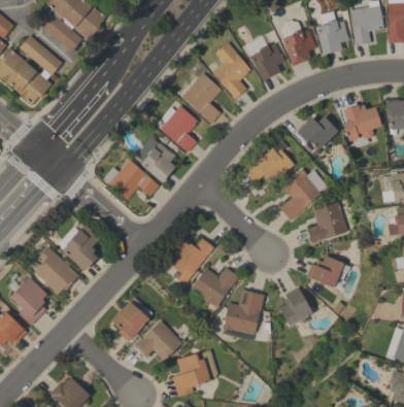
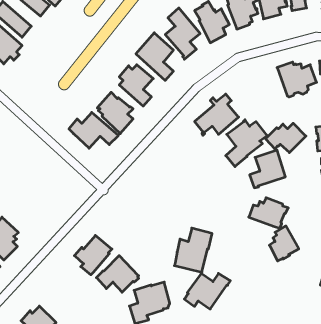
building: [293,116,338,149] -> [266,123,306,153]
building: [58,225,100,271] -> none
building: [167,238,214,285] -> none
building: [33,246,79,295] -> none
building: [188,268,239,308] -> [184,273,230,309]
building: [279,287,312,327] -> [269,226,299,261]

